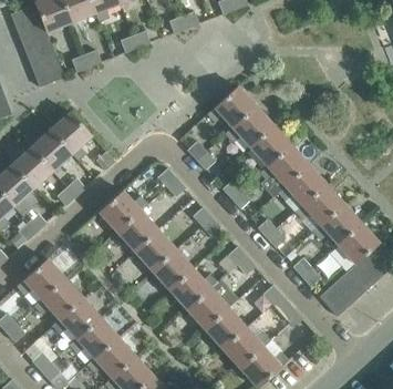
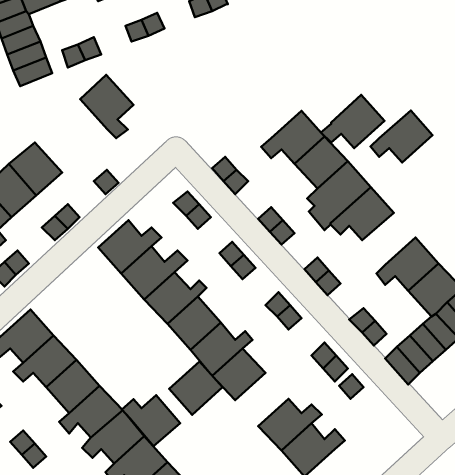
building: [207,86,256,127] -> [321,95,384,148]
building: [51,112,92,161] -> [80,75,134,138]
building: [296,185,343,225] -> [371,111,433,162]
building: [205,308,246,349] -> [169,361,222,415]
building: none -> [122,395,180,446]

